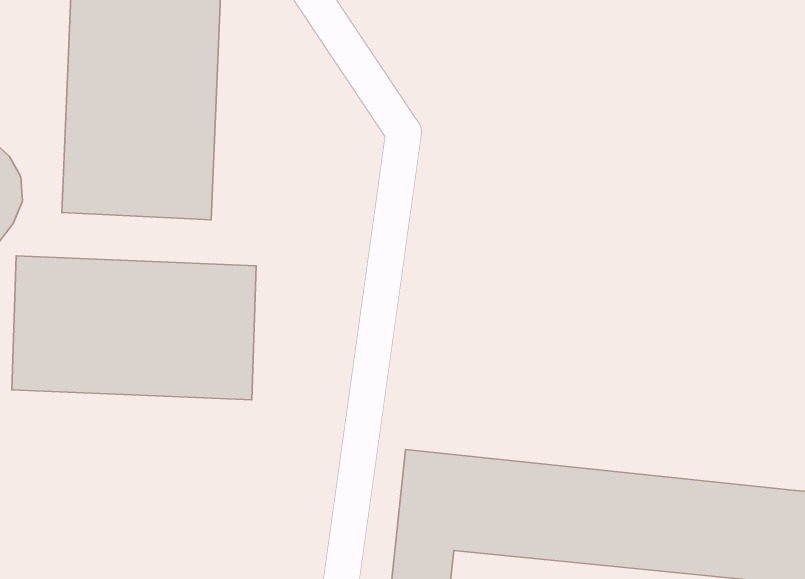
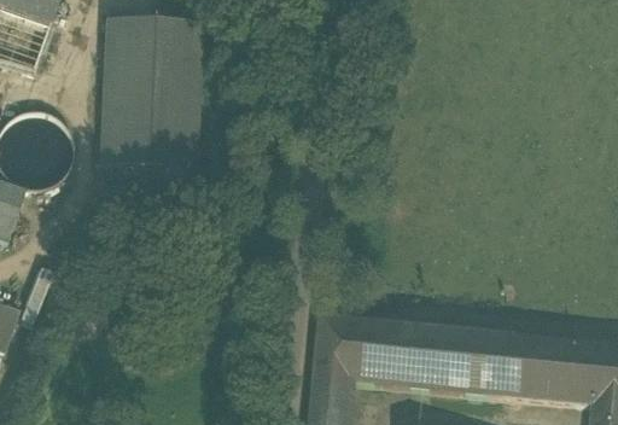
building: [12,256,256,400] -> none

